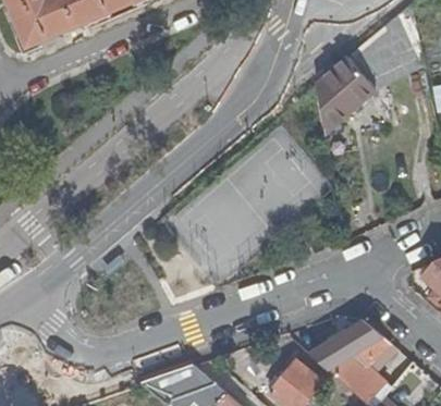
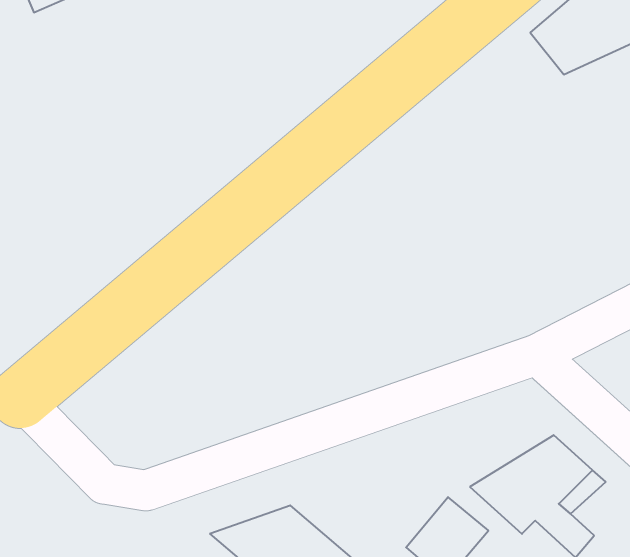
building: [315,58,376,135] -> none

